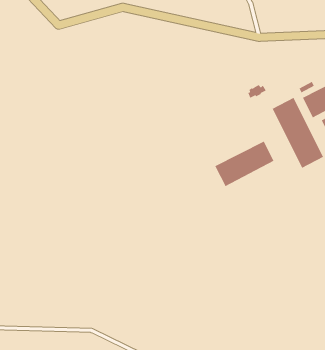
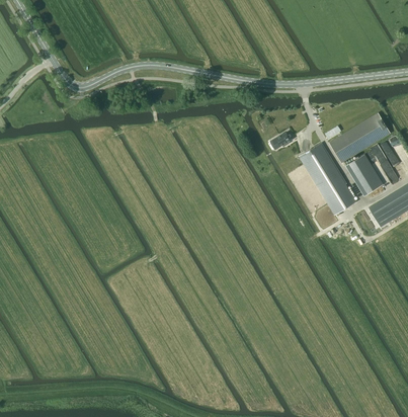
building: [214,141,274,187] -> none

